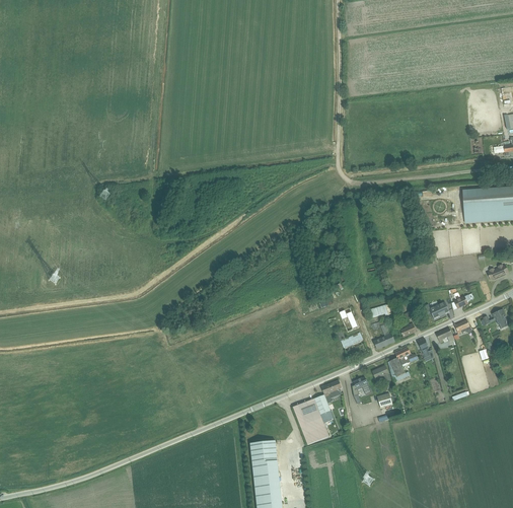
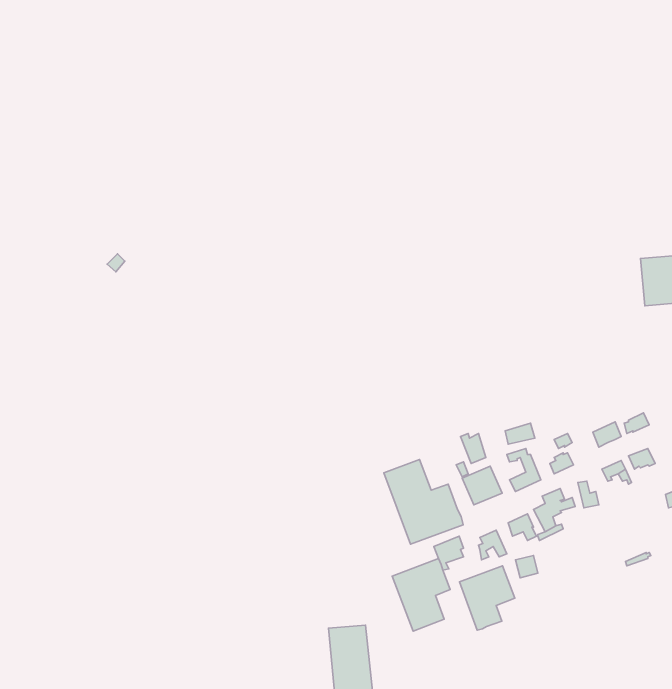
building: none -> [384,459,463,544]
building: none -> [460,566,515,630]

